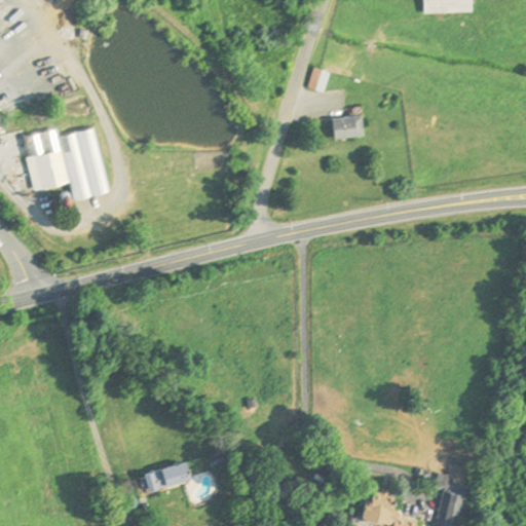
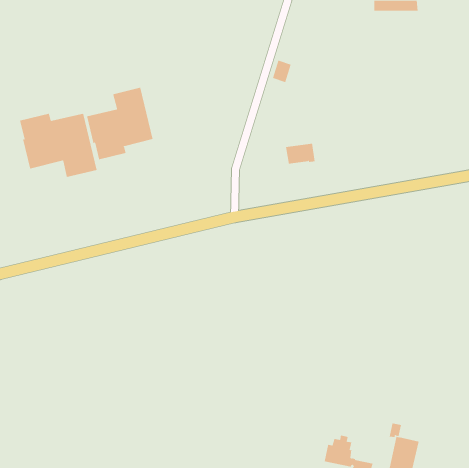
building: none -> [87,87,153,160]
building: [332,116,366,140] -> [285,143,316,164]
building: [140,461,191,492] -> none

